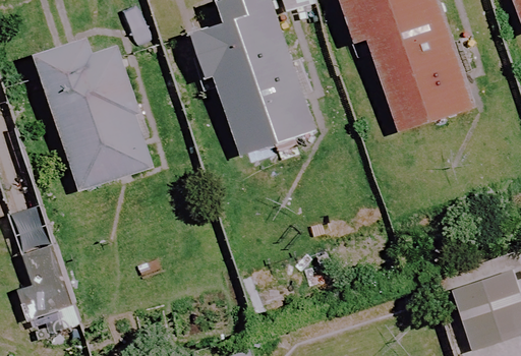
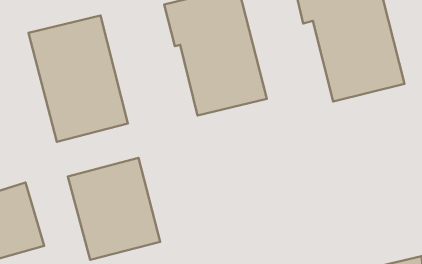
building: none -> [68,158,160,260]

